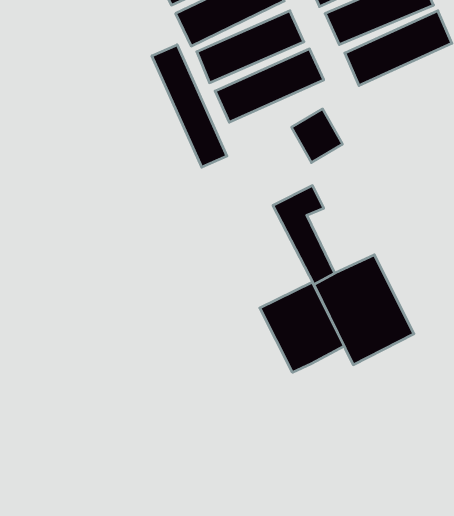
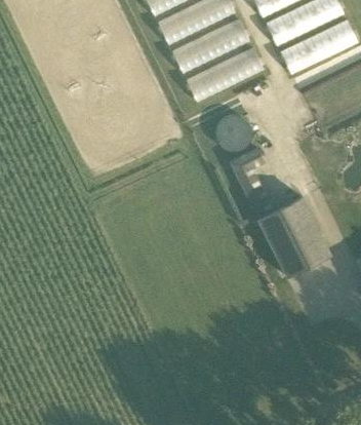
building: [152,45,227,167] -> none
building: [292,109,342,163] -> [215,112,252,151]
building: [260,282,344,372] -> none

